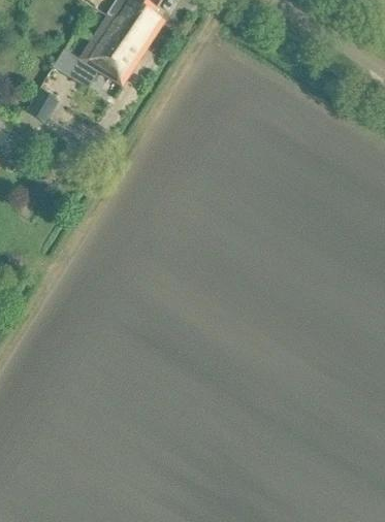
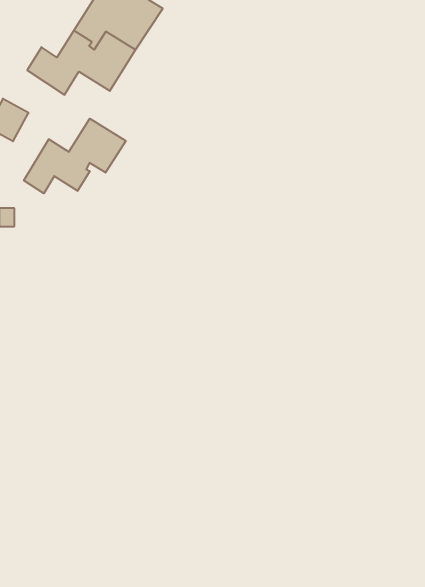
building: none -> [24,119,126,193]

